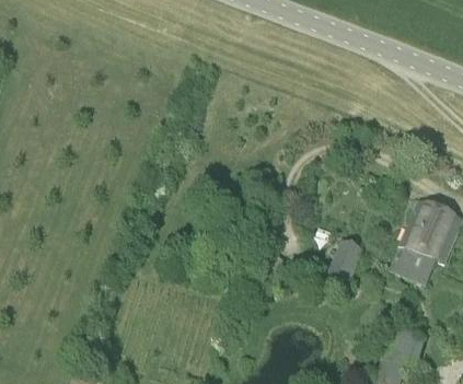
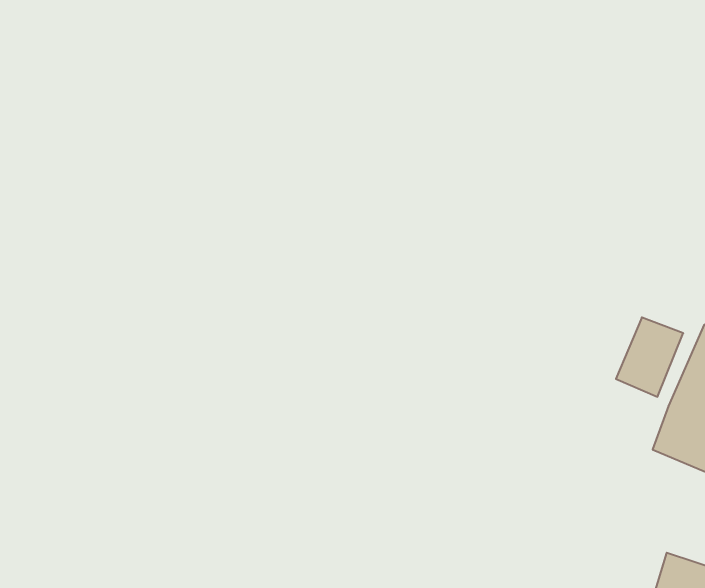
building: [326,238,363,282] -> [616,317,683,397]

